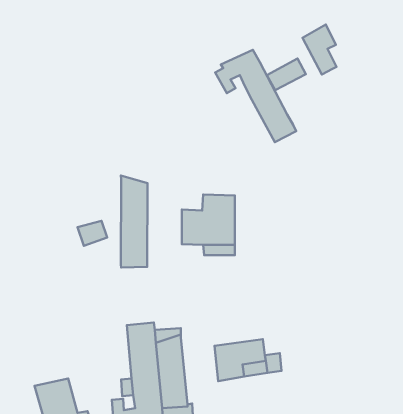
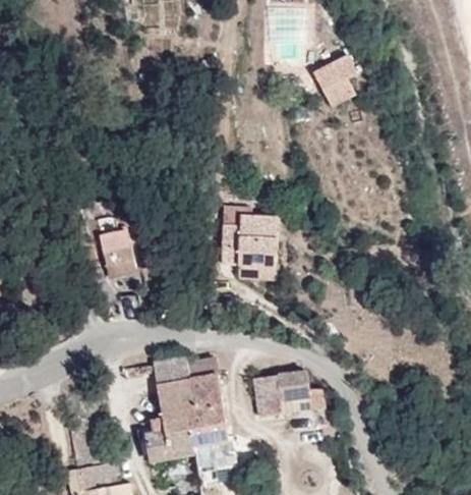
building: [303,25,336,75] -> none
building: [215,50,296,142] -> none
building: [121,175,147,267] -> none

